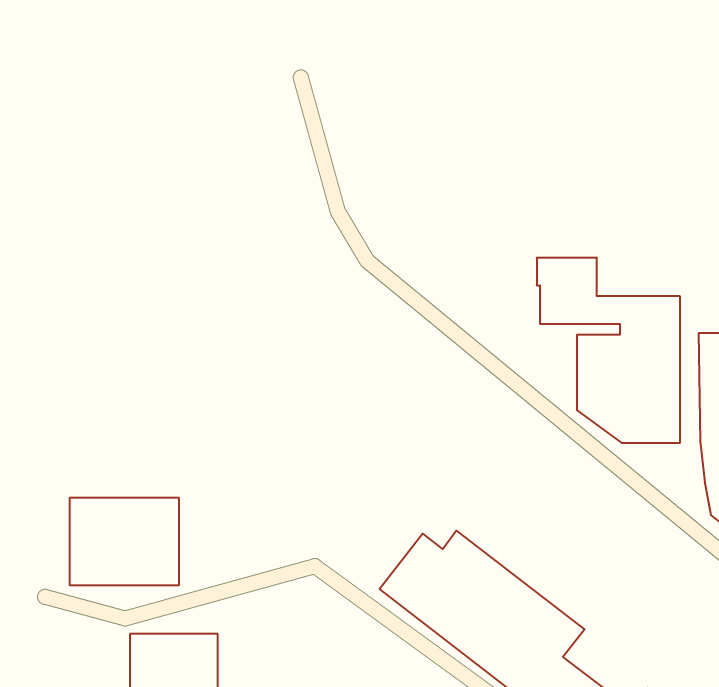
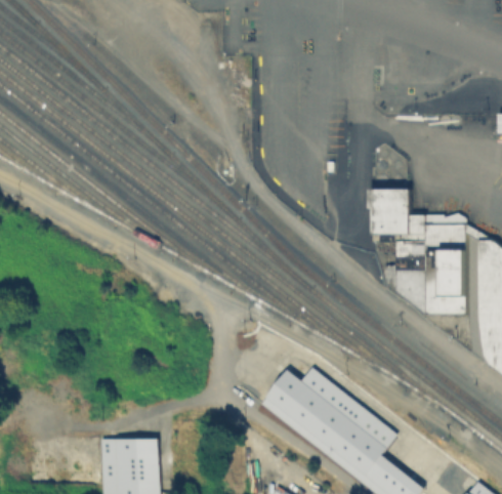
building: [70,498,179,585] -> none

